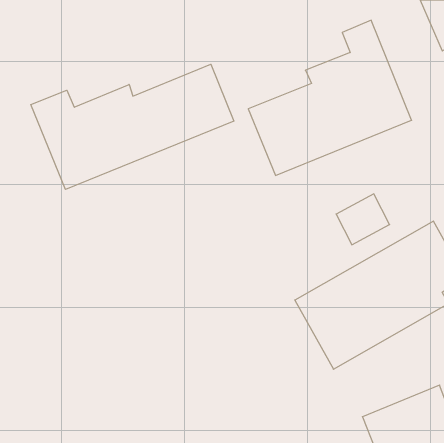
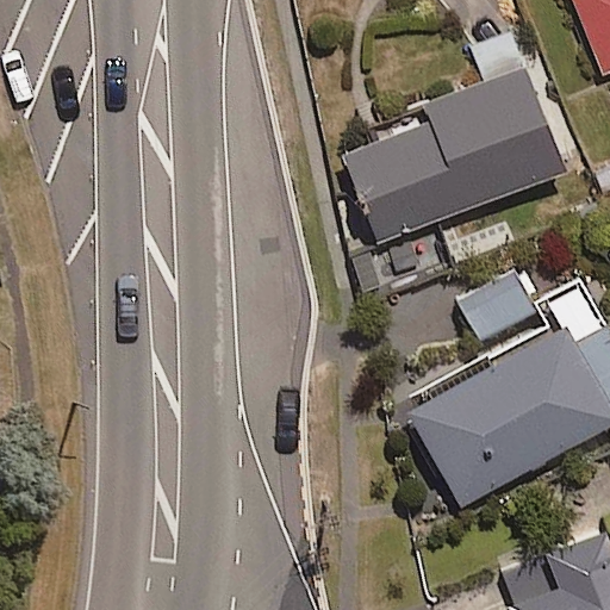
building: [31,64,234,189] -> none

